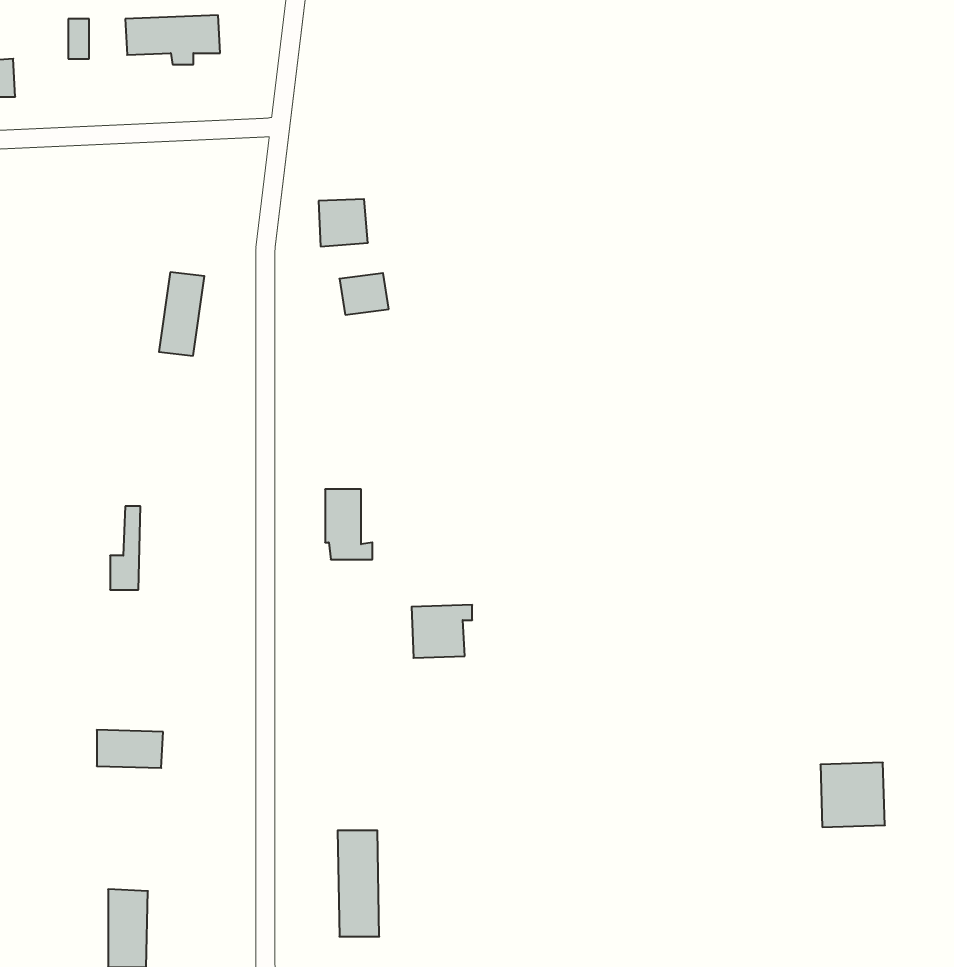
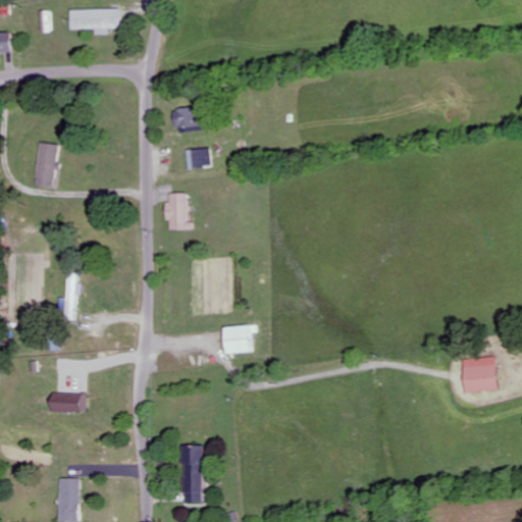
building: [159,272,204,356] -> [35,143,59,188]
building: [325,489,372,559] -> [164,193,190,230]
building: [820,763,885,827] -> [461,357,495,392]

